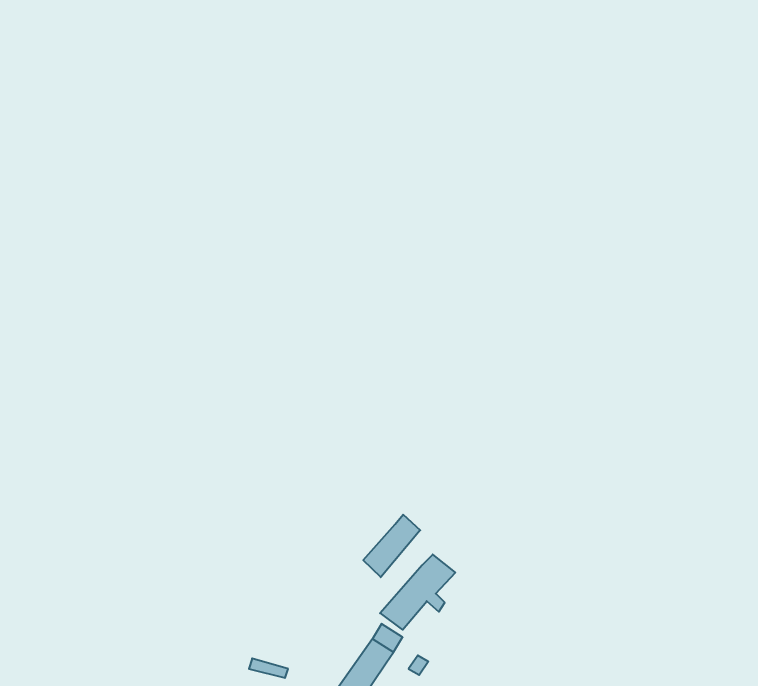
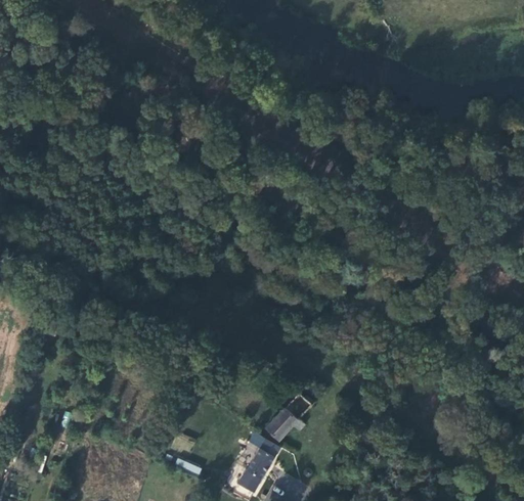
building: [363,515,420,577] -> none

